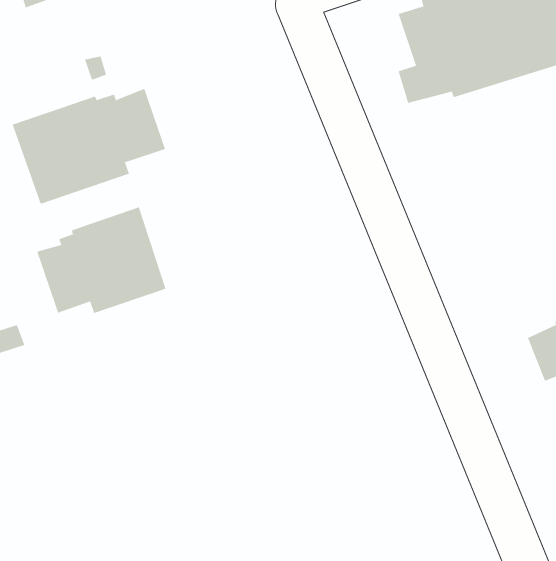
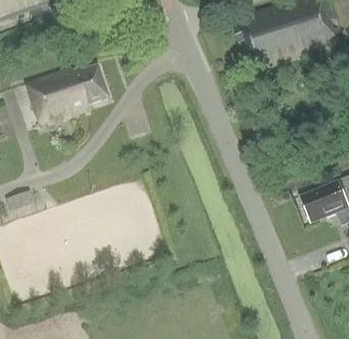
building: [37,207,166,314] -> none

